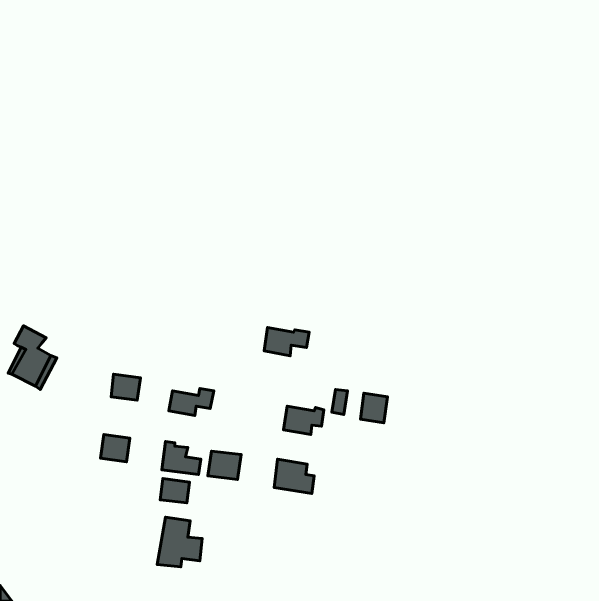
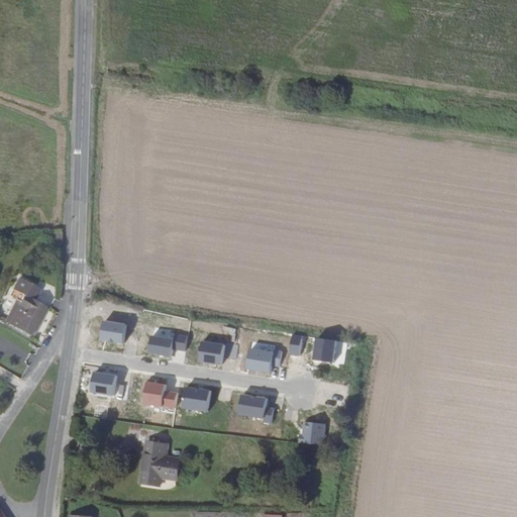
building: [264,327,309,356] -> [198,339,236,364]
building: [160,478,189,503] -> none
building: none -> [298,420,325,444]

